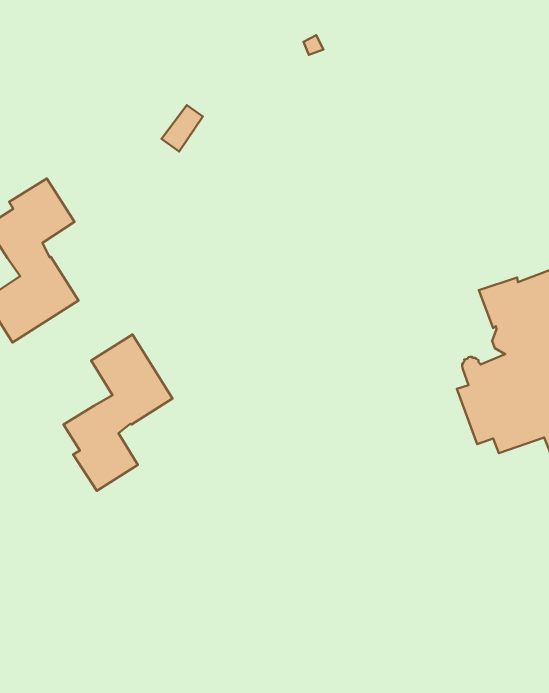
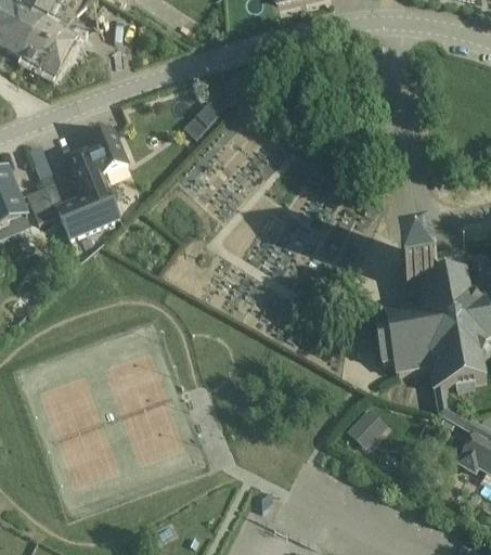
building: [64,334,173,491] -> none
building: none -> [346,409,386,446]

